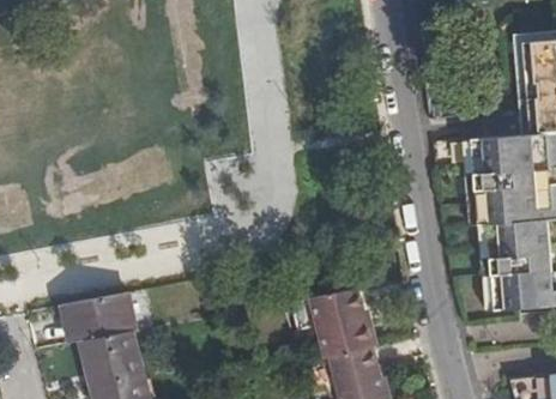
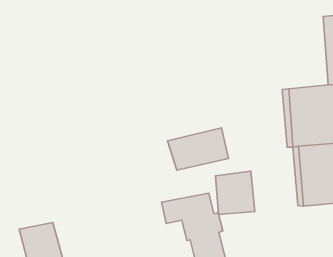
building: none -> [167,128,229,170]
building: none -> [215,171,255,214]
building: [65,300,135,344] -> none

